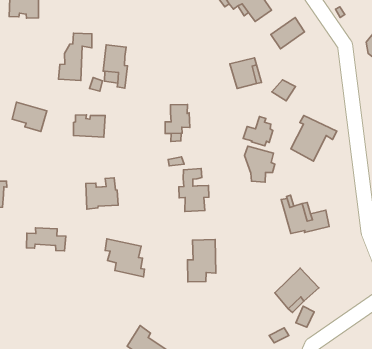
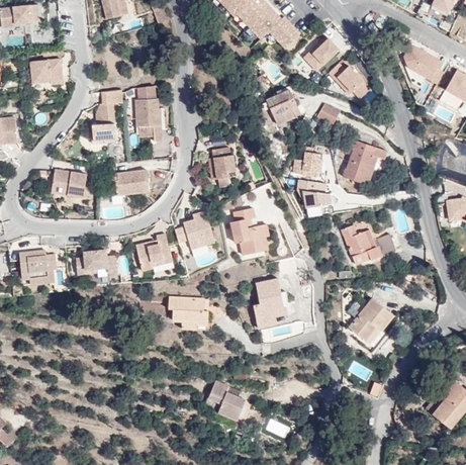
building: none -> [328,64,367,98]
building: none -> [176,210,215,249]
building: [27,228,66,251] -> [77,248,118,272]

